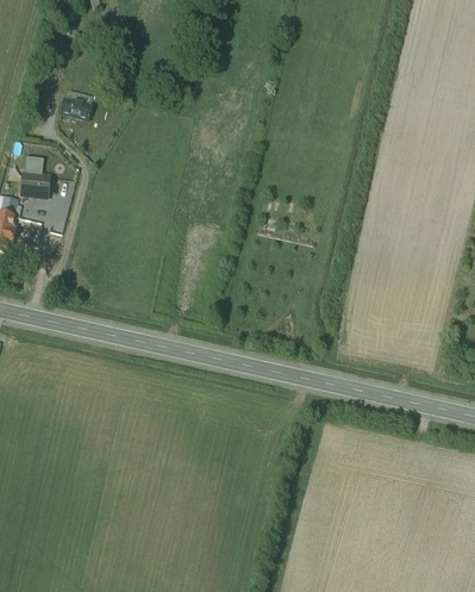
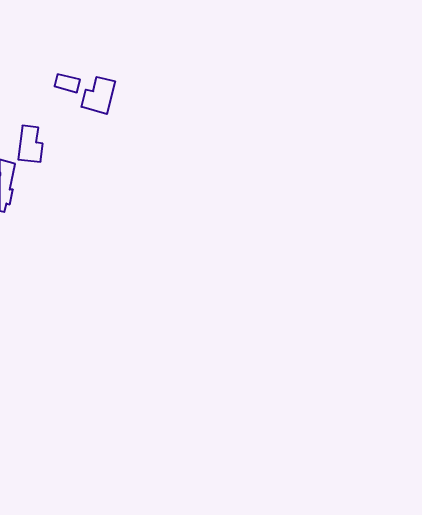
building: none -> [81,77,115,114]

